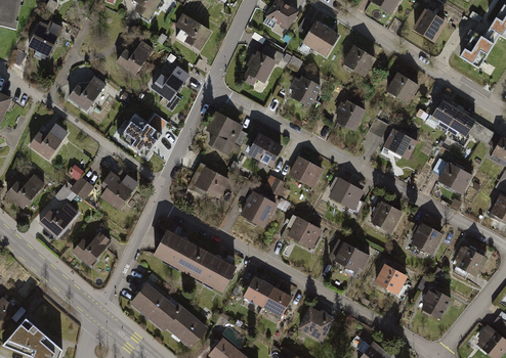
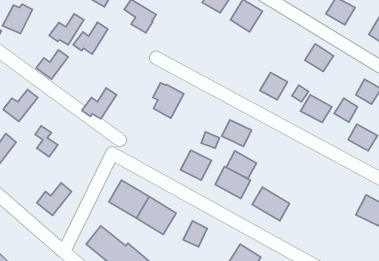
building: [343,39,378,73] -> none
building: [244,48,278,82] -> none
building: [147,66,188,103] -> [49,14,84,45]
building: [289,75,321,106] -> none
building: [429,98,457,127] -> [334,98,358,122]
building: [247,135,282,167] -> none
building: [193,166,229,199] -> none
building: [96,175,137,213] -> none
building: [328,177,364,210] -> [226,151,257,179]
building: [367,202,402,236] -> none
building: [37,203,78,240] -> none
building: [405,225,439,258] -> none
building: [372,265,407,299] -> none
building: [418,282,451,314] -> none
building: [260,285,289,316] -> none

